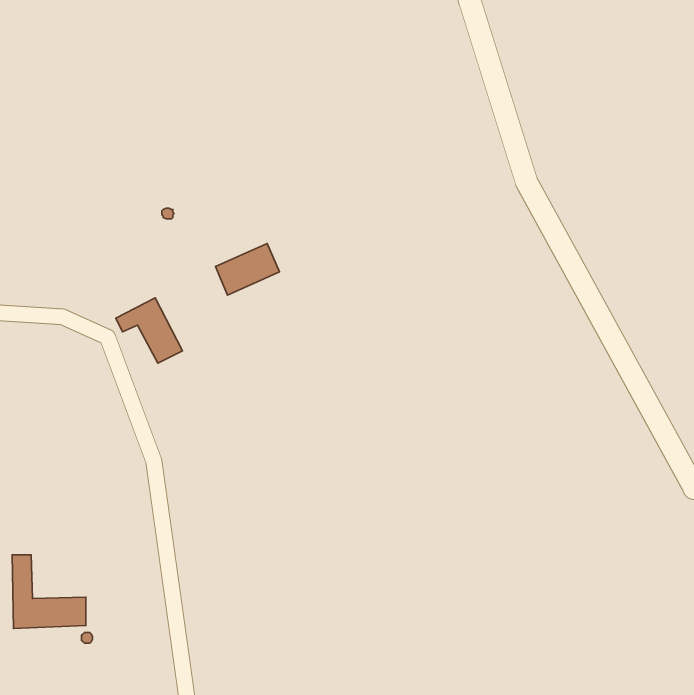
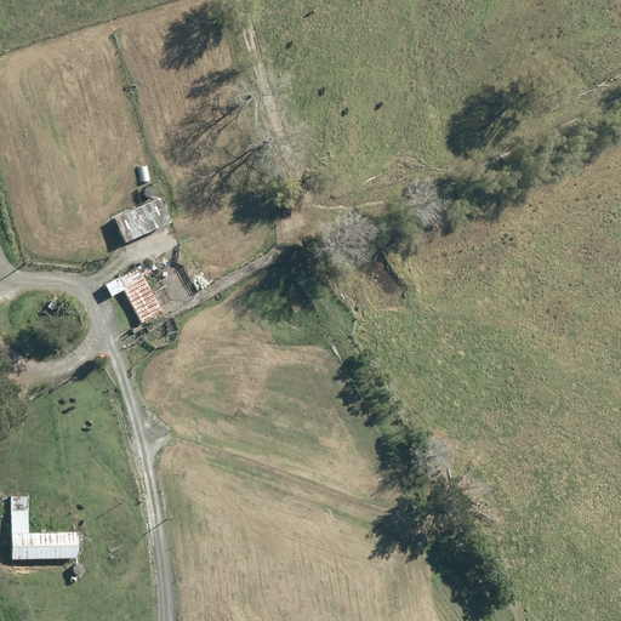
building: [215,243,279,295] -> [114,198,171,244]

